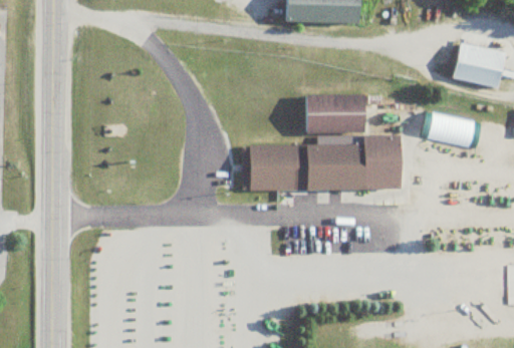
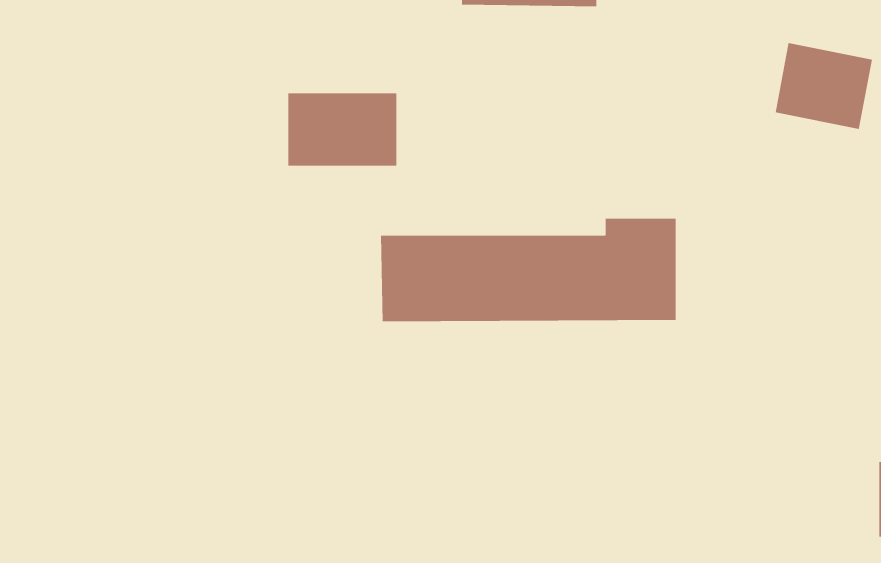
building: [307,94,365,133] -> [288,93,397,166]
building: [422,113,482,147] -> none

